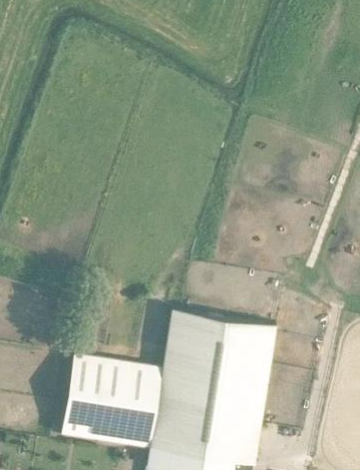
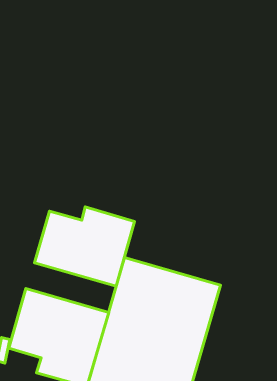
building: none -> [35,207,134,286]

